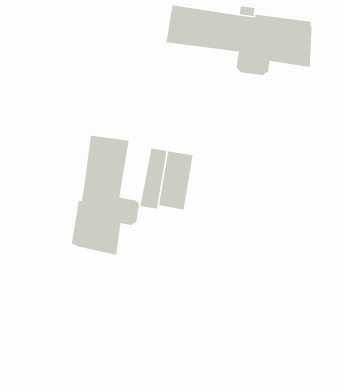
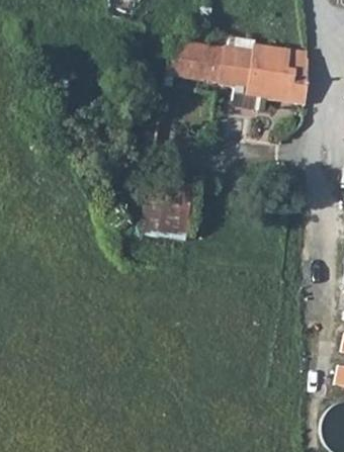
building: [71,135,140,256] -> none

